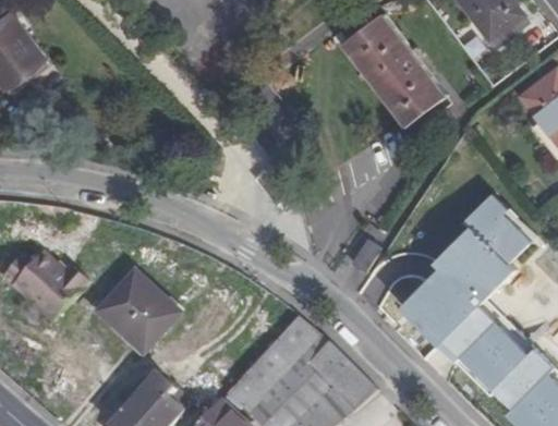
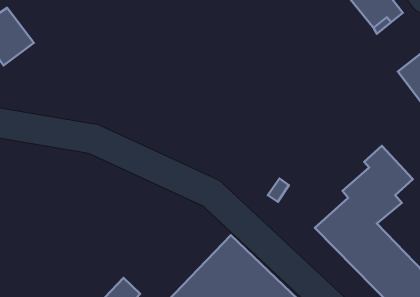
building: [337,17,438,129] -> none
building: [13,246,88,321] -> none
building: [95,265,187,357] -> none

